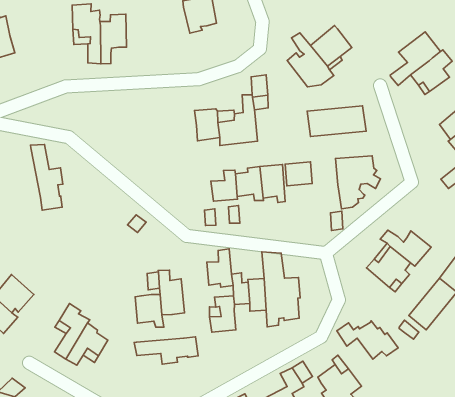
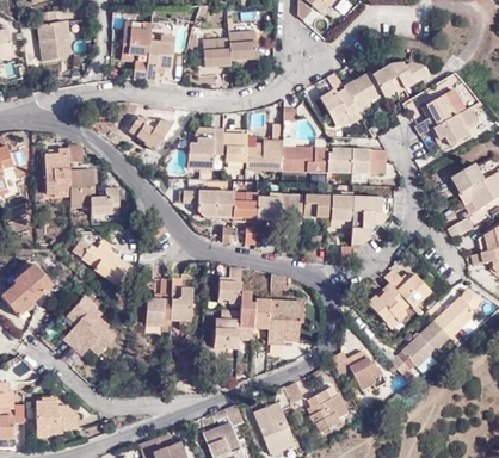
building: none -> [205,36,233,63]
building: none -> [371,64,429,98]
building: none -> [189,129,224,169]
building: none -> [129,120,170,153]
building: none -> [282,147,328,173]
building: none -> [45,147,72,194]
building: none -> [331,196,352,222]
building: none -> [183,191,234,218]
building: none -> [91,188,119,215]
building: none -> [72,240,129,285]
building: [134,337,198,364] -> none

